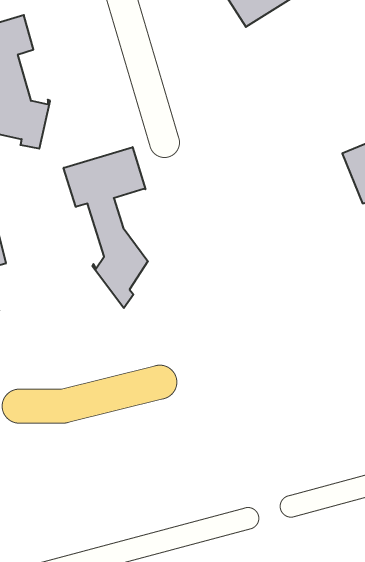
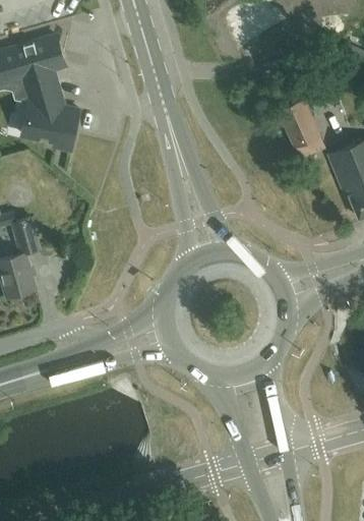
building: none -> [272,86,325,159]
building: [64,147,148,308] -> none

